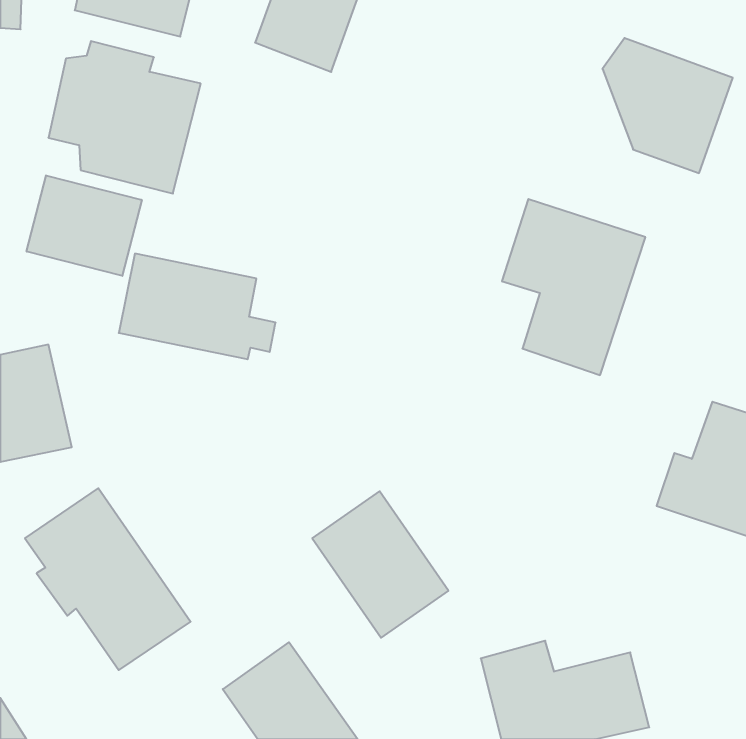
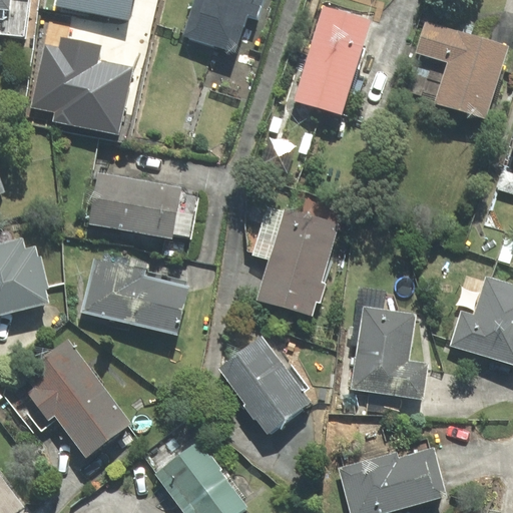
building: none -> [294,8,371,118]
building: [27,175,142,276] -> none
building: [502,199,645,375] -> [243,196,342,317]
building: none -> [77,263,188,337]
building: none -> [349,306,428,401]

